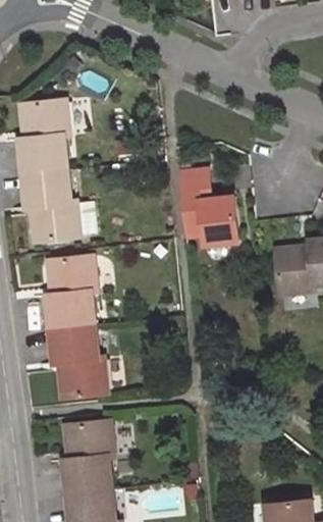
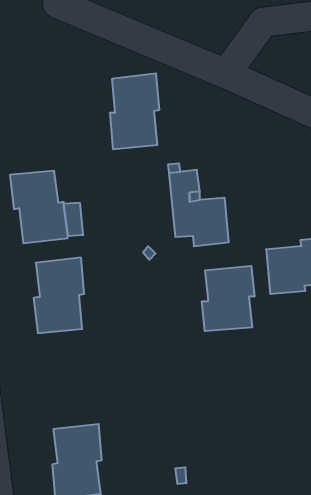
building: [18,100,67,174] -> [110,74,159,149]
building: none -> [202,266,254,331]
building: [49,326,106,398] -> none

